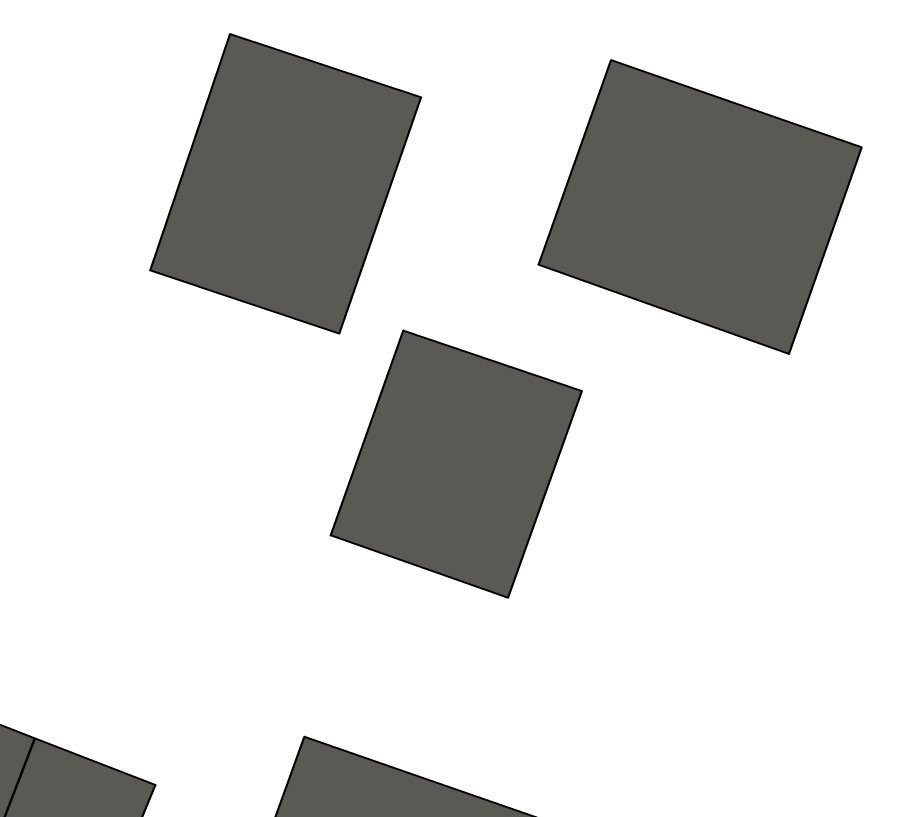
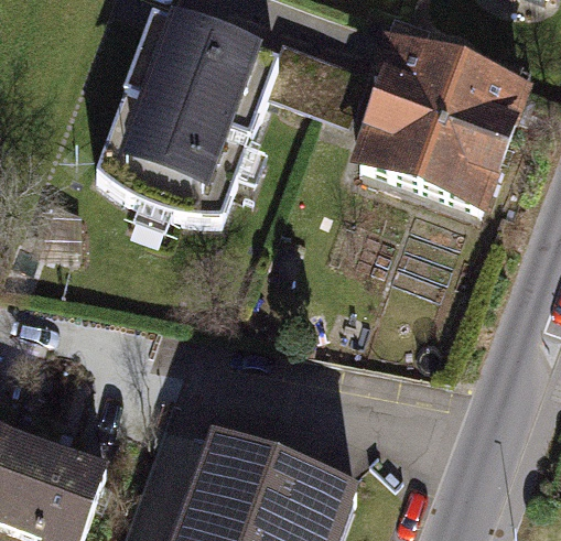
building: [331,330,582,598] -> none

